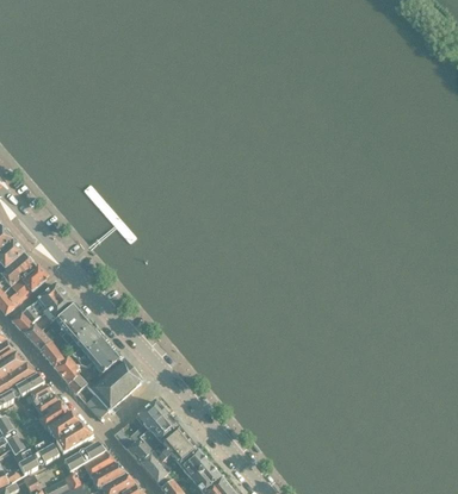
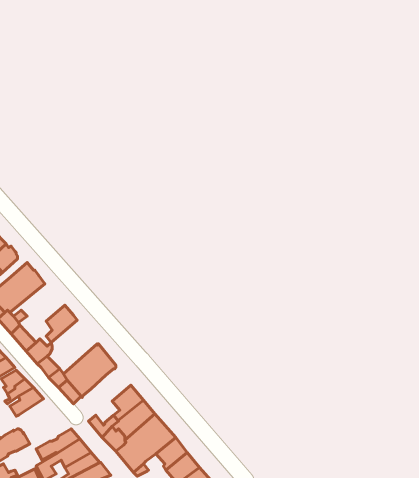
building: [56,304,92,343] -> none
building: [79,337,120,373] -> none
building: [48,412,93,452] -> none

